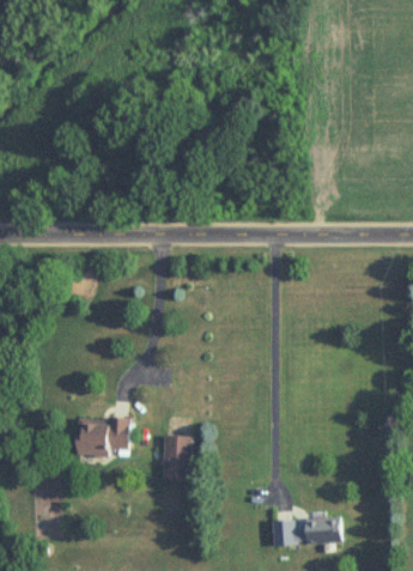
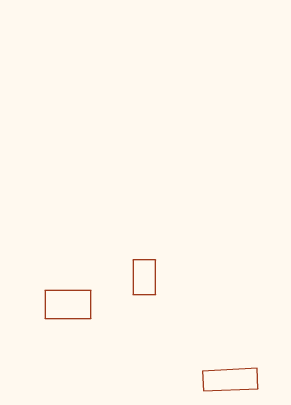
building: [163,436,192,480] -> [133,260,156,295]

